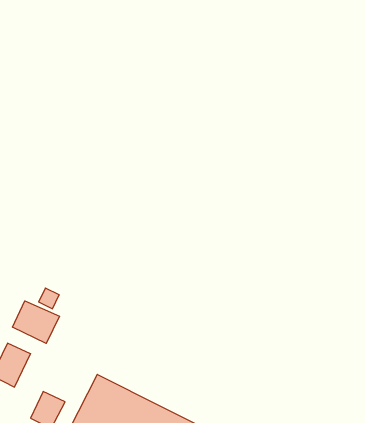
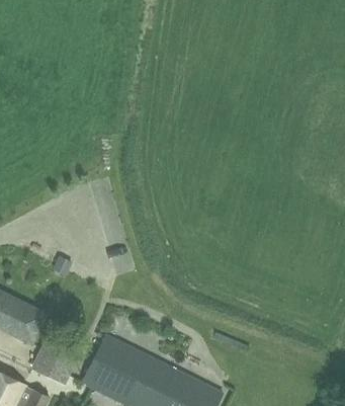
building: [13,301,60,343] -> none

